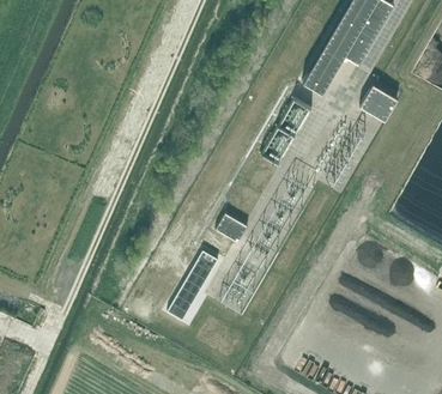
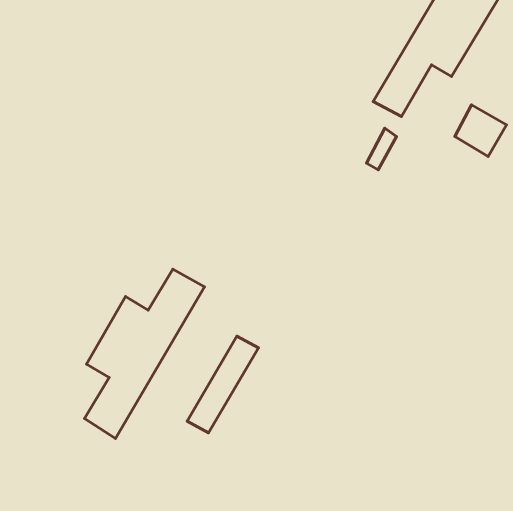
building: none -> [84,269,204,438]
building: [216,214,248,244] -> none

